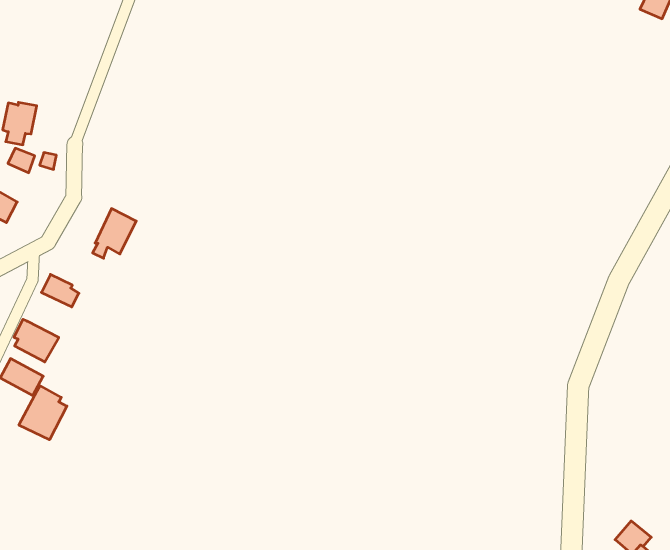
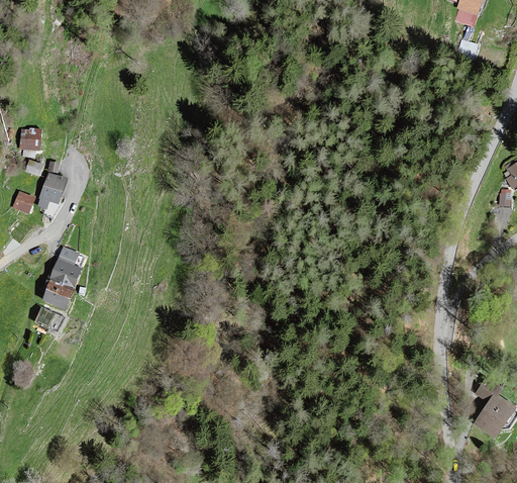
building: [93,209,136,258] -> [38,173,67,208]
building: none -> [49,260,81,289]
building: [19,386,67,440] -> none

